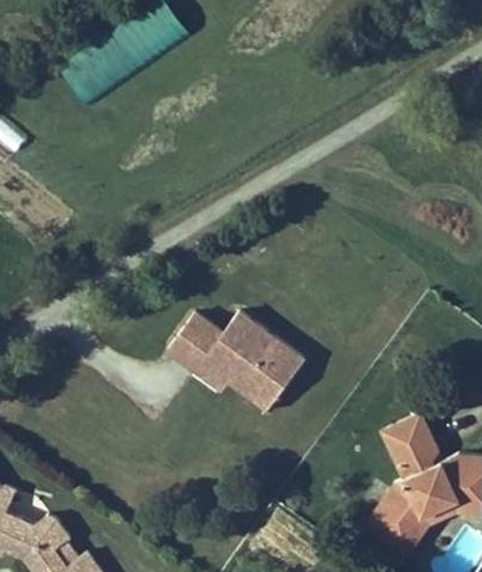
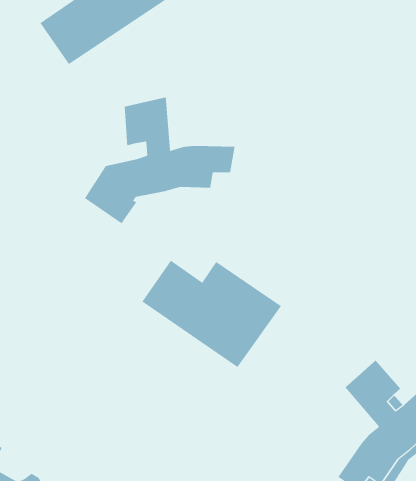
building: none -> [84,96,235,224]

